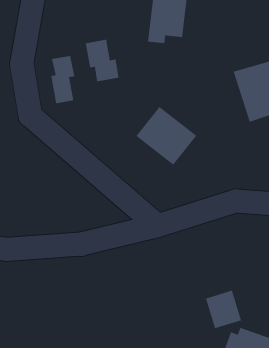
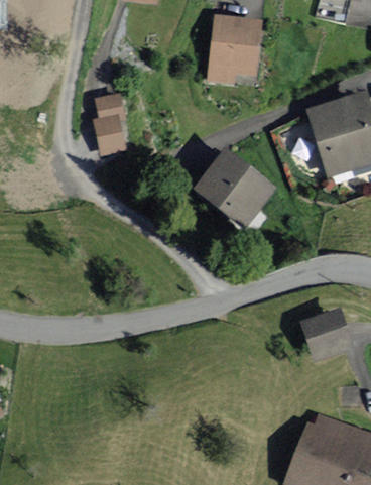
building: [85,39,119,82] -> none
building: [205,290,242,329] -> [304,312,348,358]

